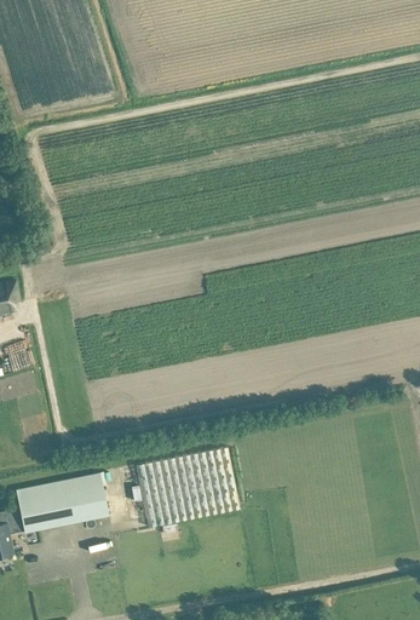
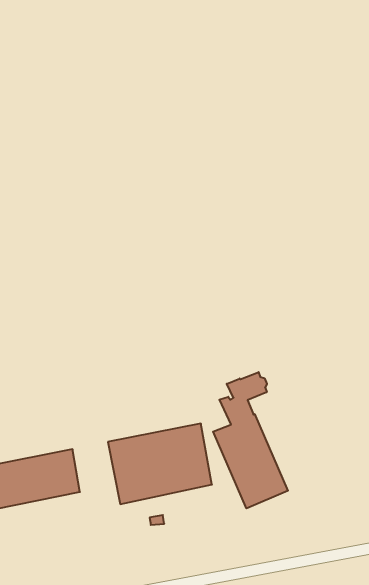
building: none -> [213,372,288,508]

